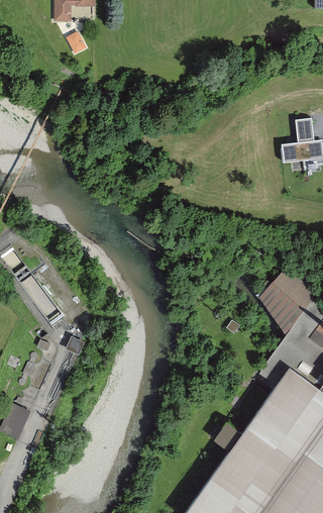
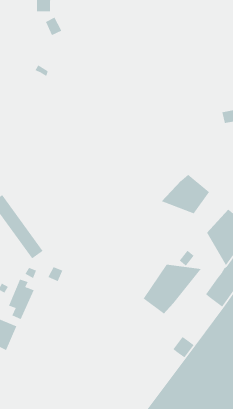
building: none -> [161,174,210,214]
building: none -> [143,264,202,314]

